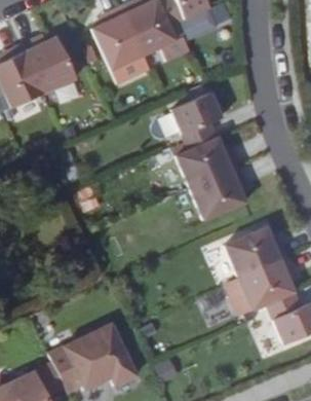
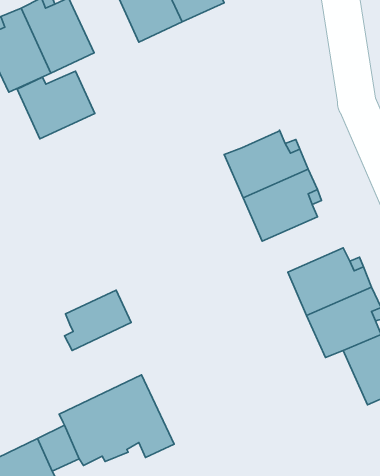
building: [170,92,222,150] -> none
building: none -> [17,71,95,139]
building: none -> [65,290,131,350]

